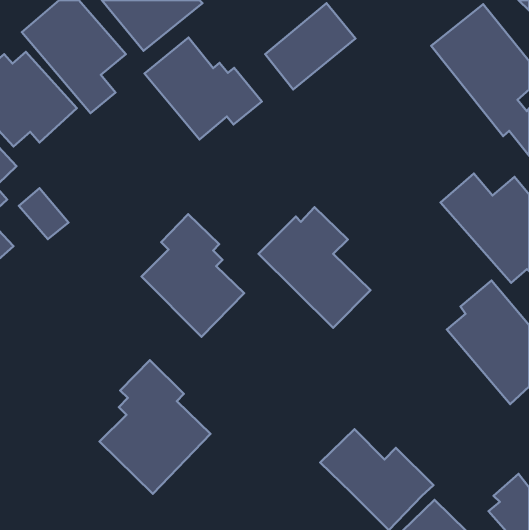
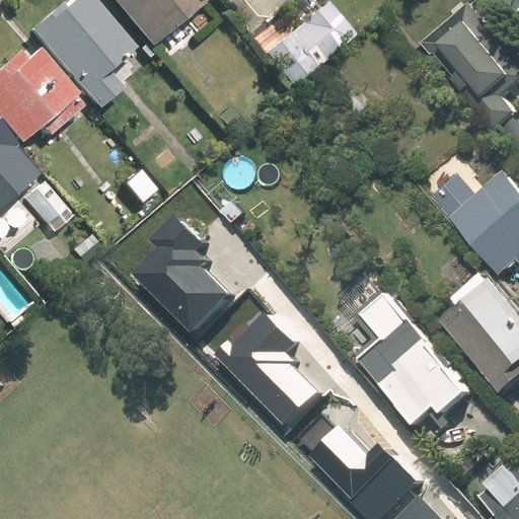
building: [144,38,262,139] -> none
building: [258,207,371,328] -> [217,306,326,424]
building: none -> [357,293,472,446]
building: [100,360,210,494] -> none

